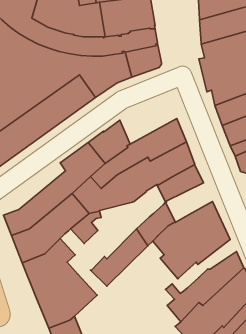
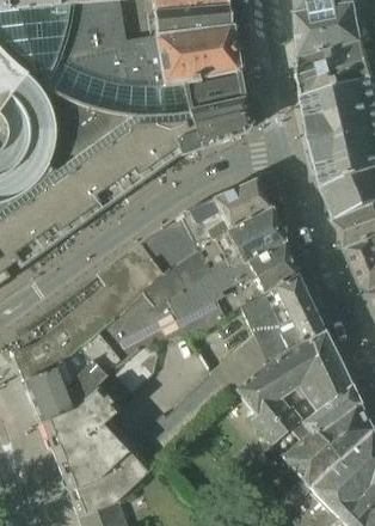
building: none -> [185,176,270,243]
building: none -> [253,300,322,359]
building: none -> [272,384,358,455]

